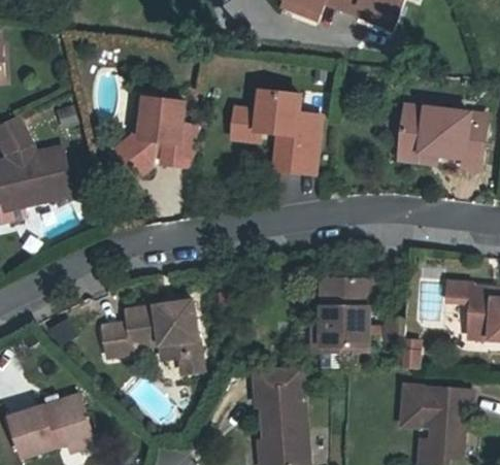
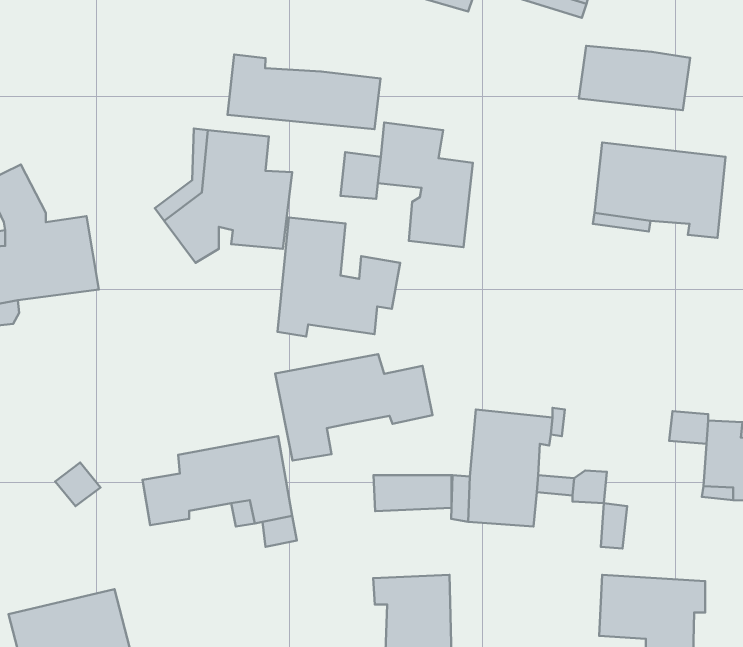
building: none -> [579,46,690,110]
building: none -> [228,54,380,129]
building: none -> [277,217,400,337]
building: none -> [275,354,432,461]
building: [252,367,303,391] -> [374,475,451,511]

